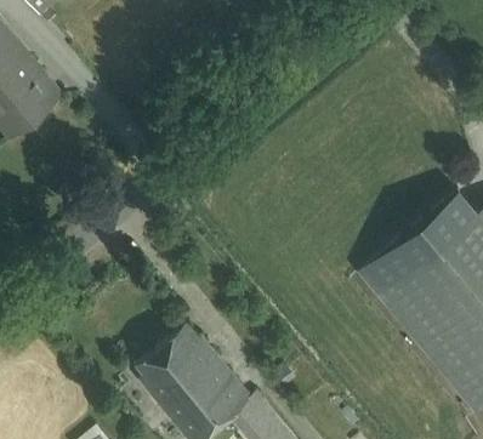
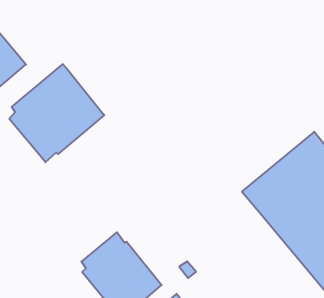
building: none -> [9,64,104,162]

